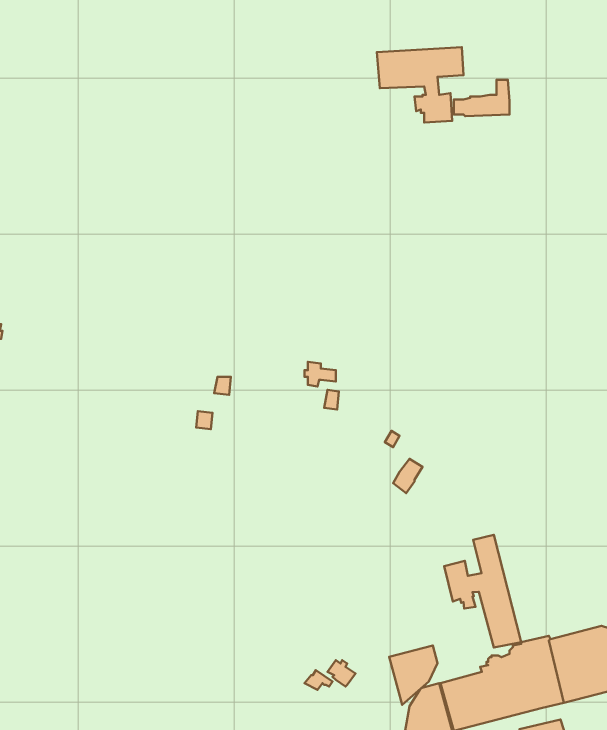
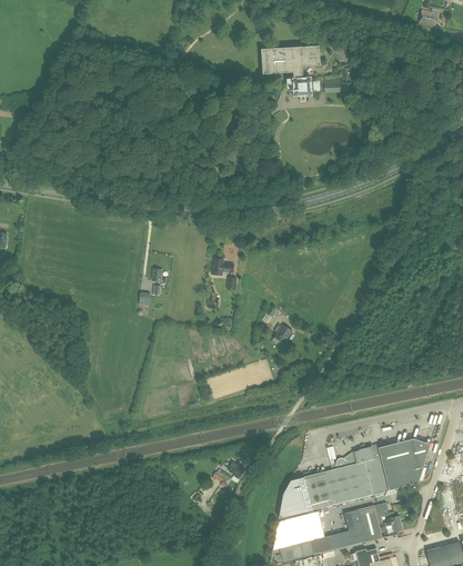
building: [444,535,521,648] -> none
building: [389,645,438,705] -> none

